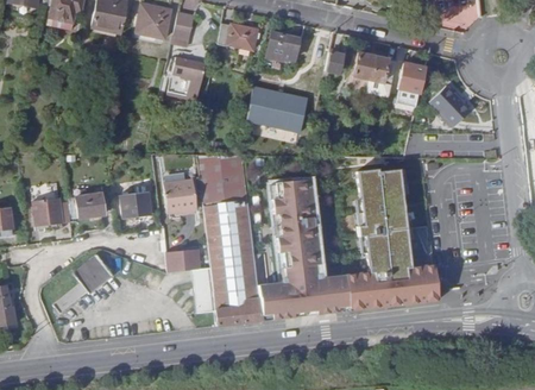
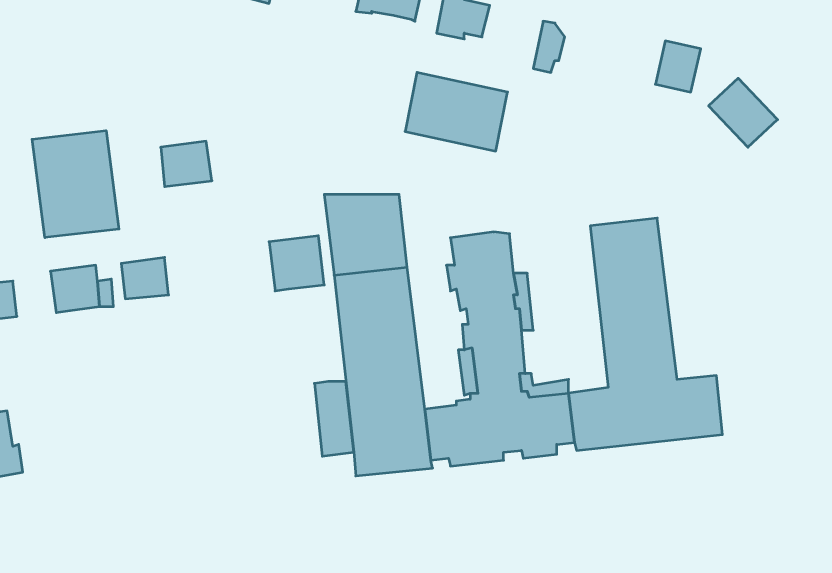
building: [353,51,396,87] -> none
building: [168,56,204,100] -> none
building: none -> [32,131,119,238]
building: [120,190,151,218] -> [161,141,212,187]
building: [164,247,200,271] -> none
building: [54,254,113,316] -> none

